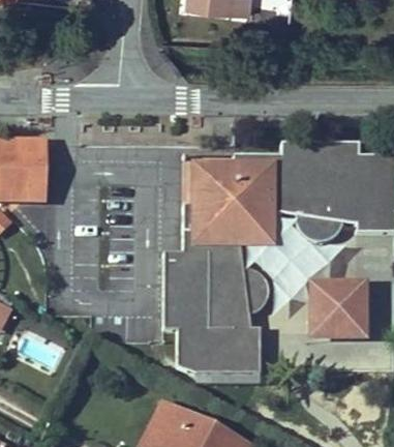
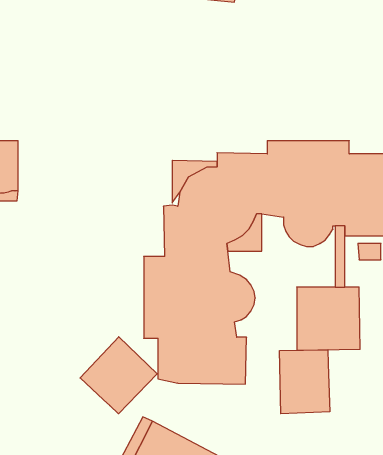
building: none -> [80,337,157,414]
building: none -> [280,350,330,414]

